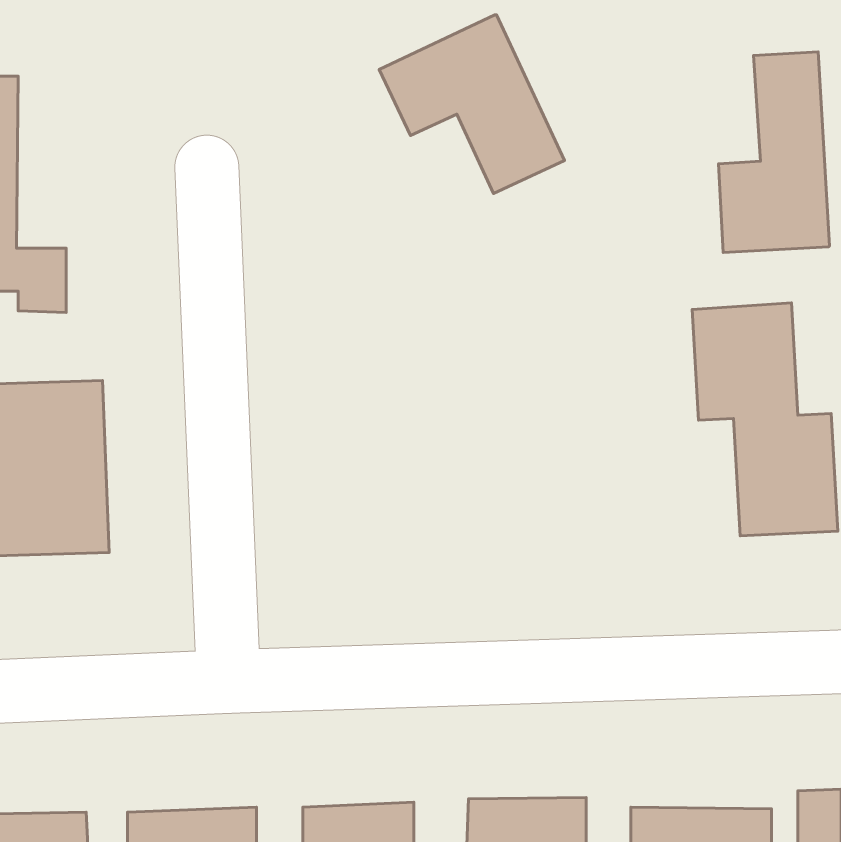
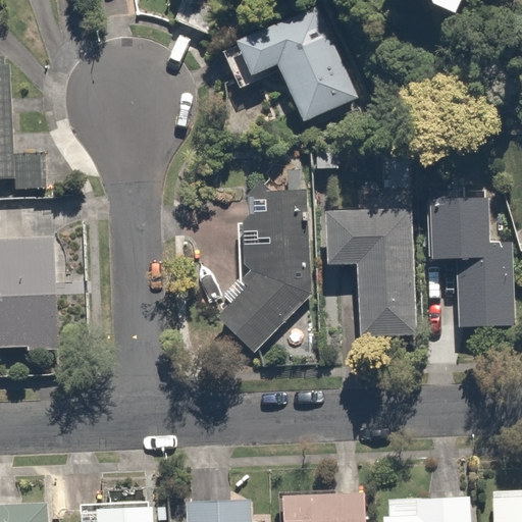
building: [718,52,830,252] -> none
building: none -> [212,168,314,353]
building: none -> [324,210,419,338]

